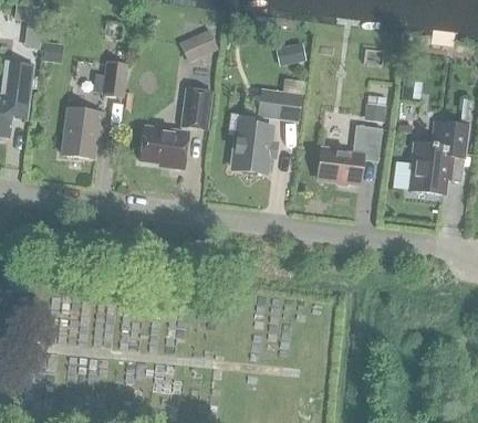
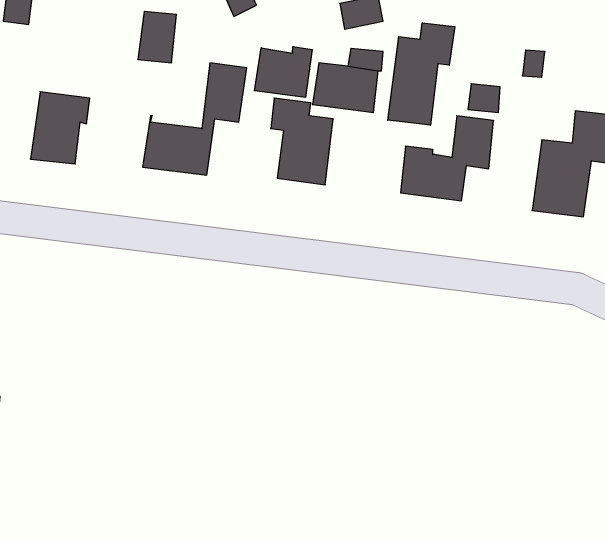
building: none -> [388,23,455,125]
building: [102,62,128,97] -> [138,11,176,63]
building: none -> [254,47,312,97]

